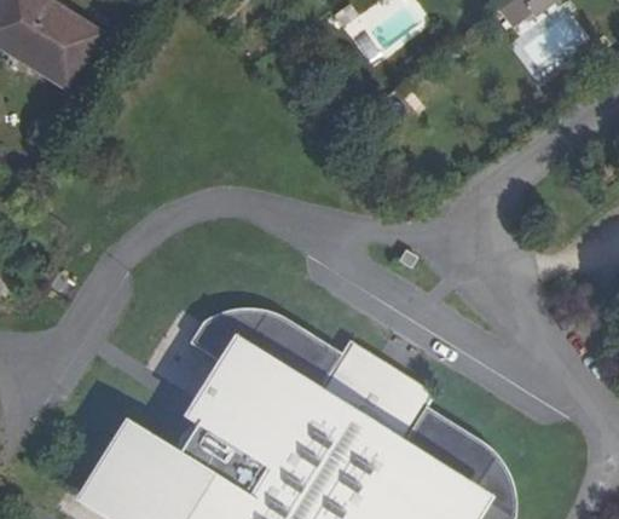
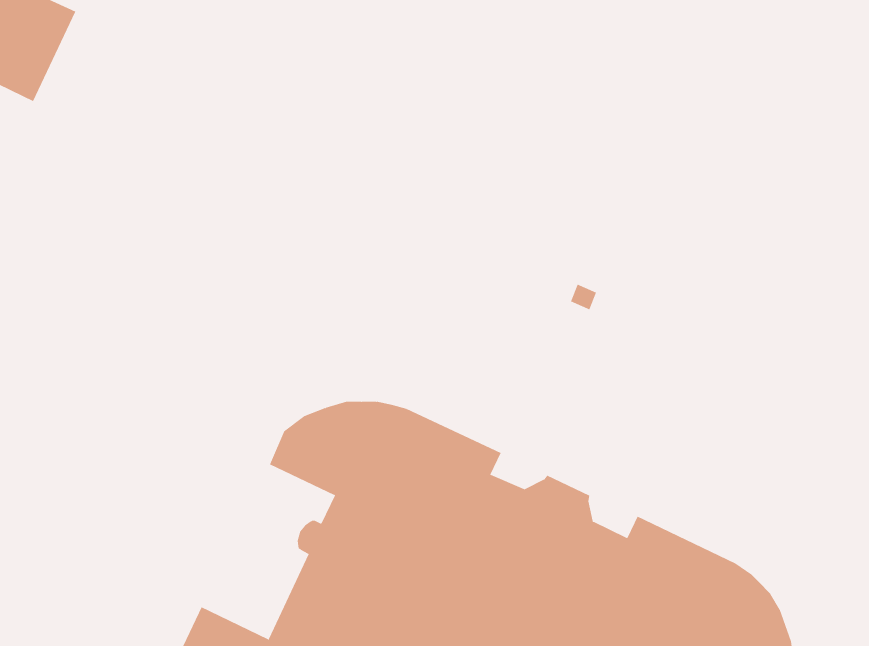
building: [334,342,433,420] -> none

